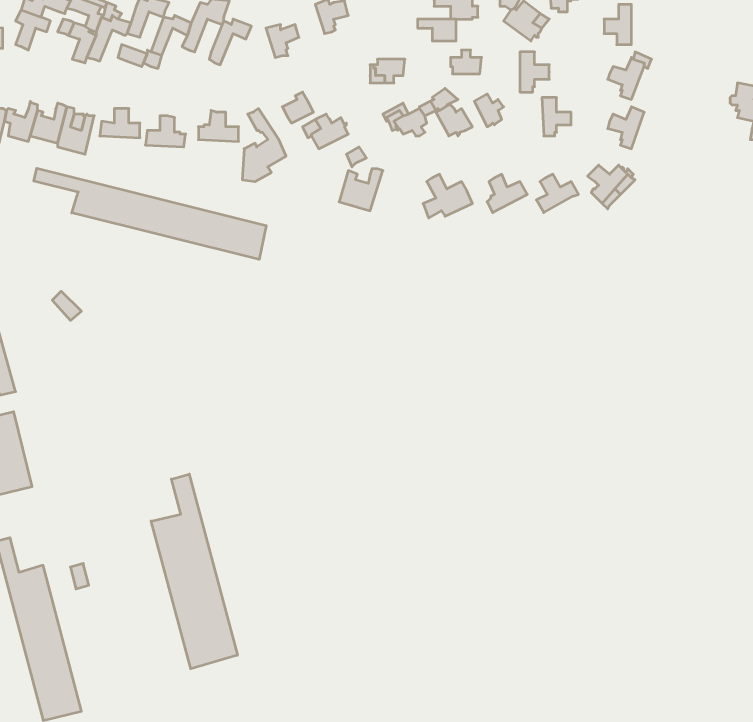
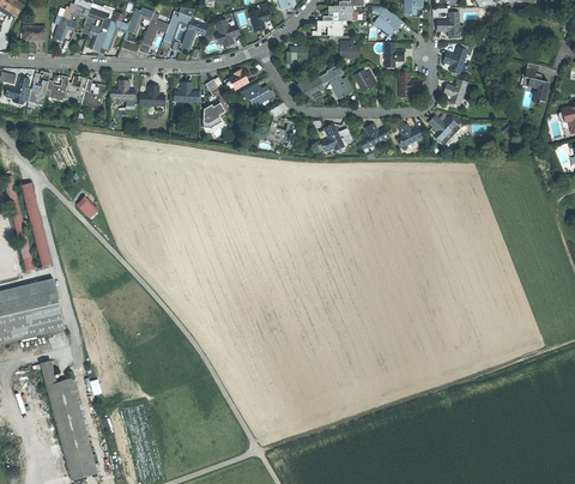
building: [34,168,266,259] -> none
building: [151,474,237,669] -> none

